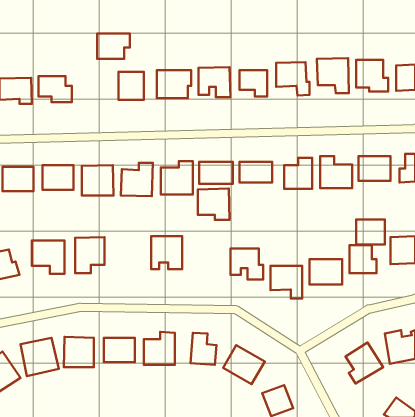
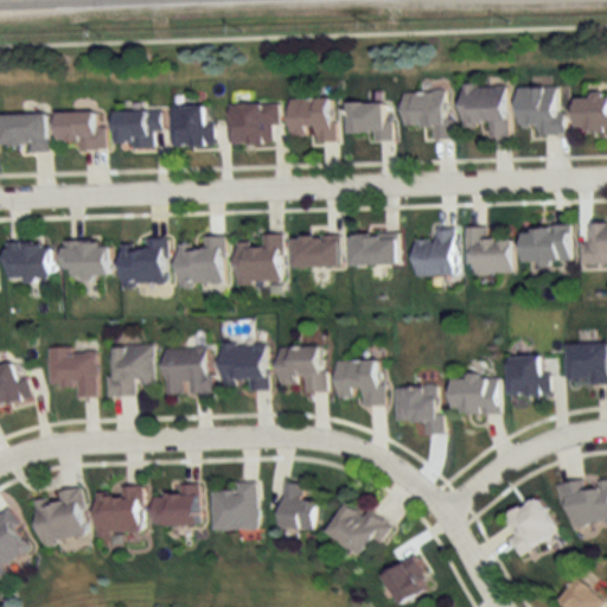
building: [97,34,130,59] -> [114,110,161,147]
building: [198,189,230,220] -> [276,347,322,392]
building: [356,220,385,244] -> none
building: none -> [162,349,207,396]

